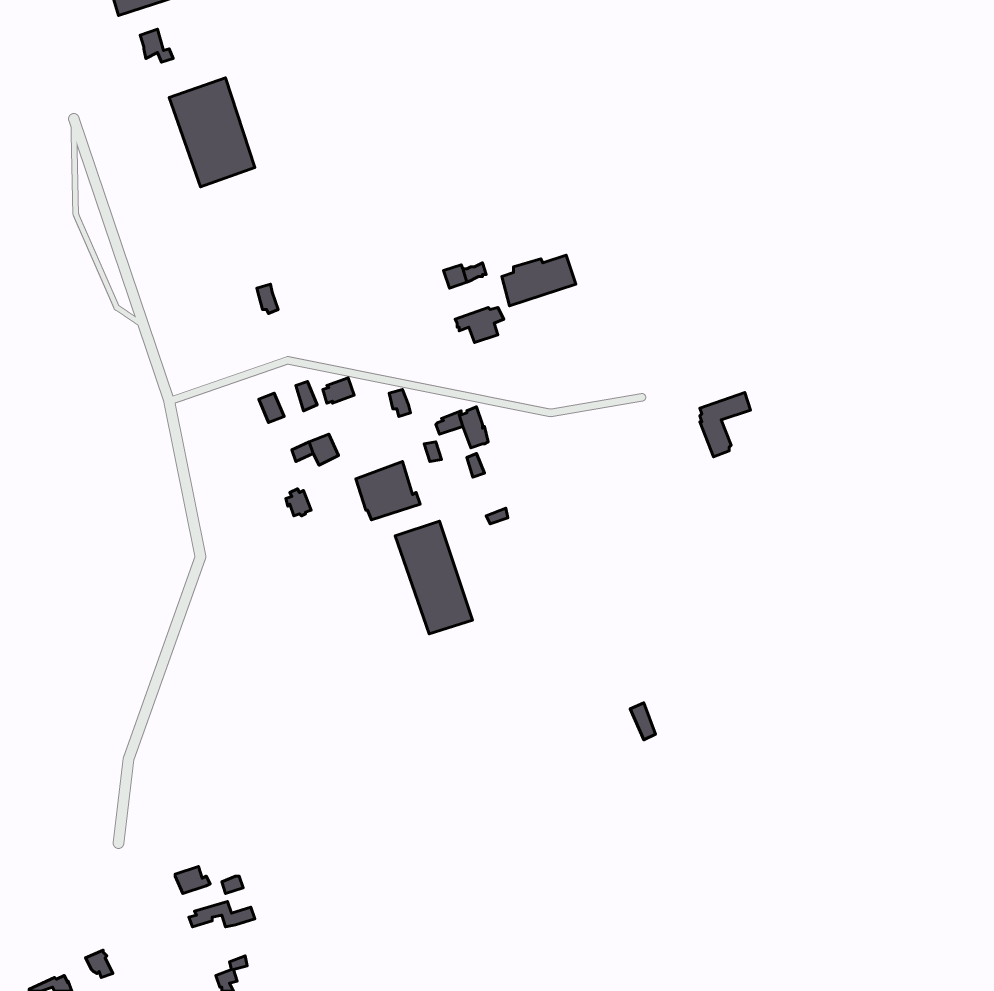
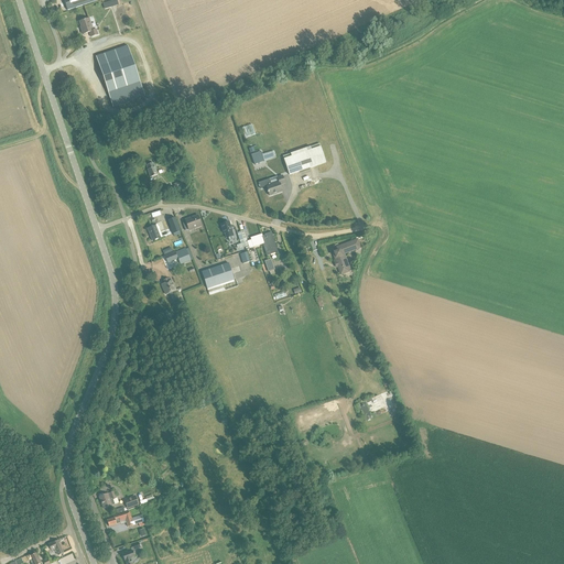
building: [700,393,751,457] -> [333,237,361,273]
building: [395,521,472,634] -> none

